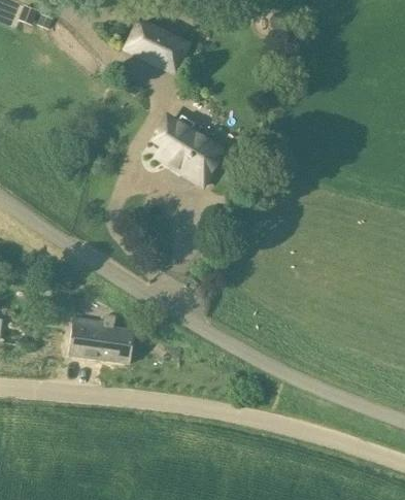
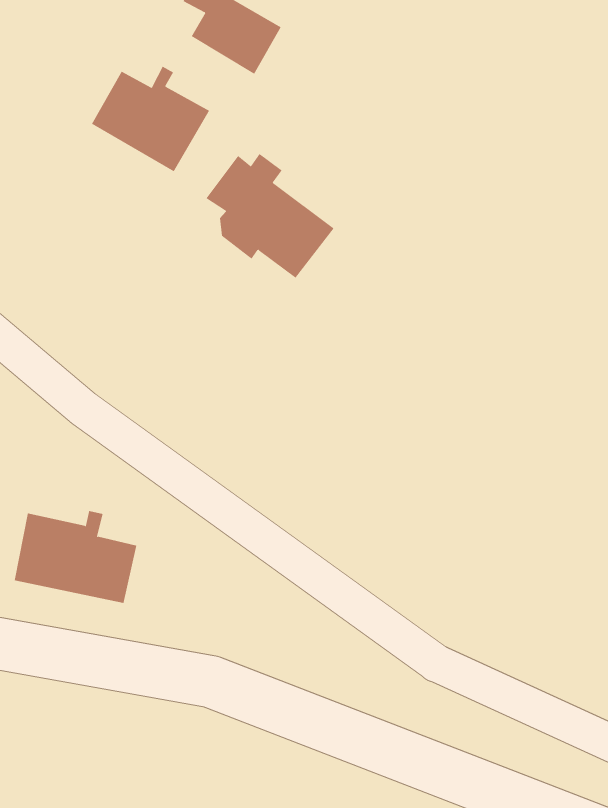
building: none -> [91,66,210,172]

